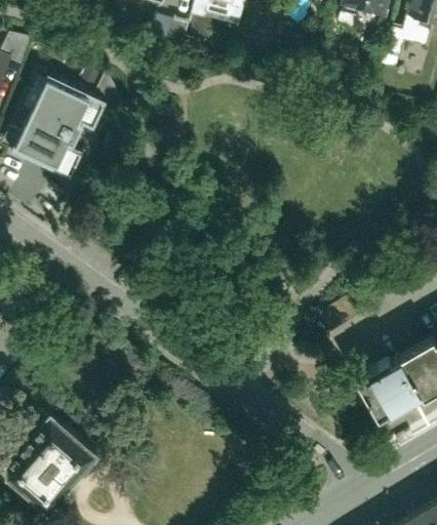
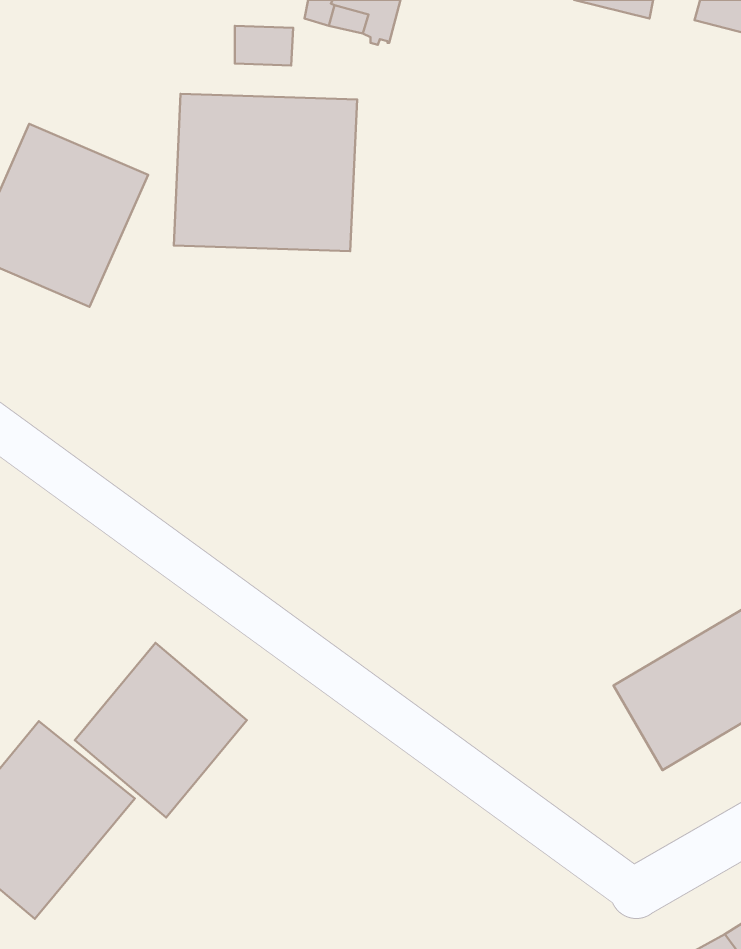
building: none -> [174,94,357,251]
building: none -> [75,643,247,817]

